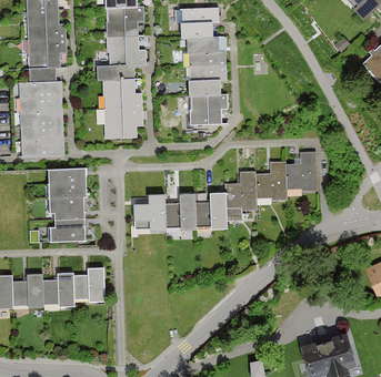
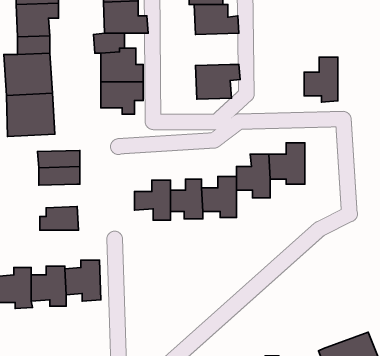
building: [189,65,228,94] -> none
building: [287,153,317,193] -> [304,57,338,102]
building: [49,200,83,221] -> none

